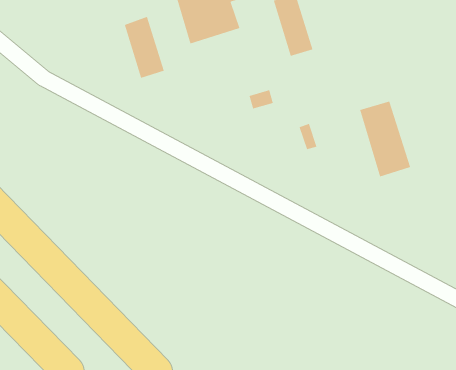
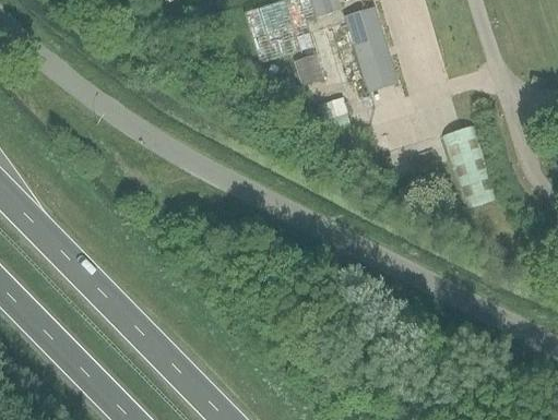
building: [124,16,165,79] -> none
building: none -> [293,52,323,85]

